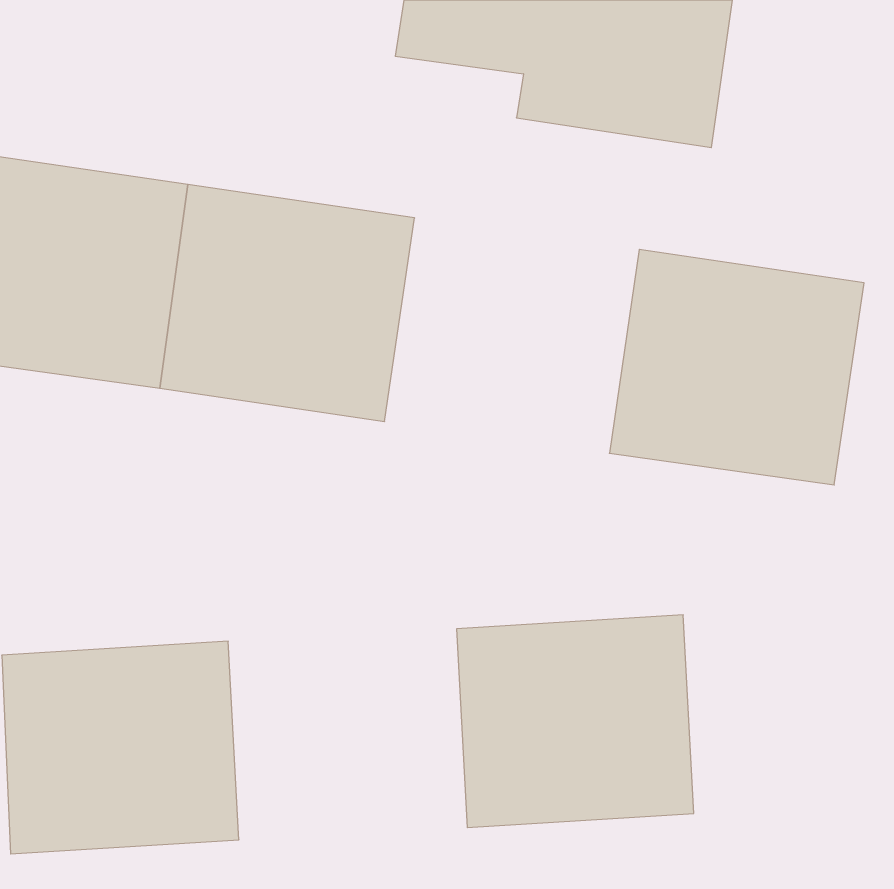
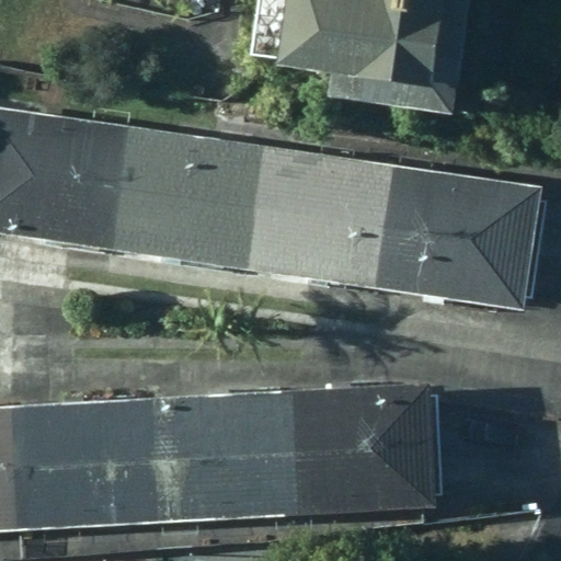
building: none -> [240,141,399,288]
building: none -> [142,398,291,529]

